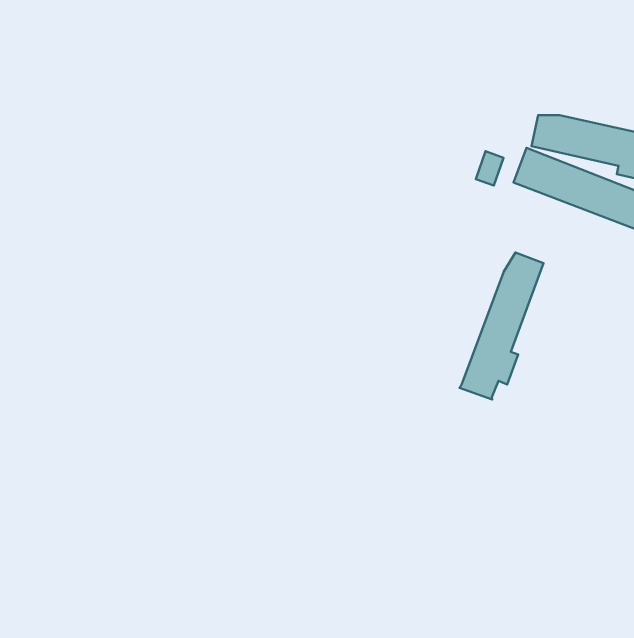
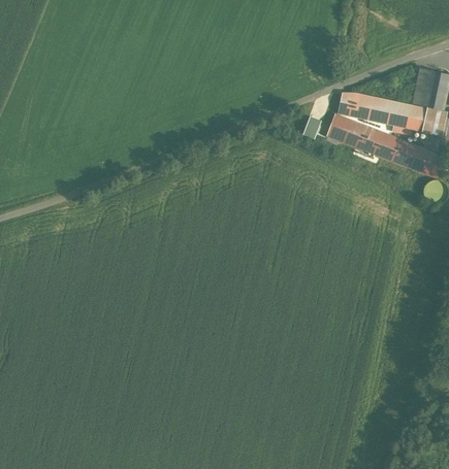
building: [460,252,544,400] -> none

